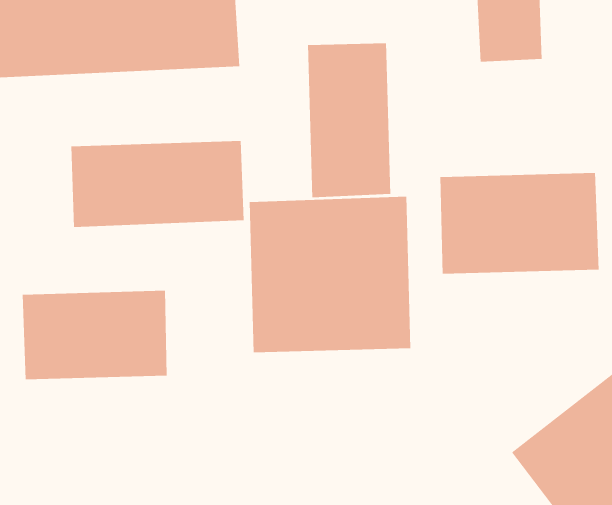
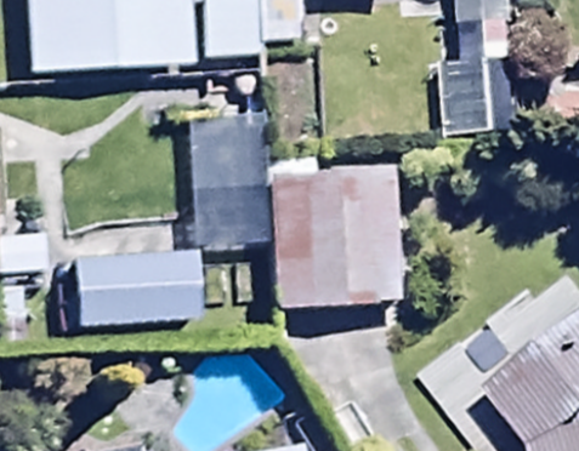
building: [307,43,391,198] -> none
building: [440,172,599,275] -> none

